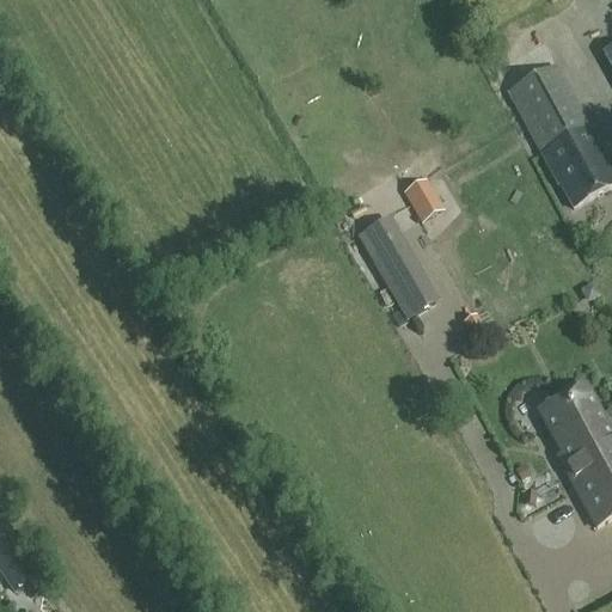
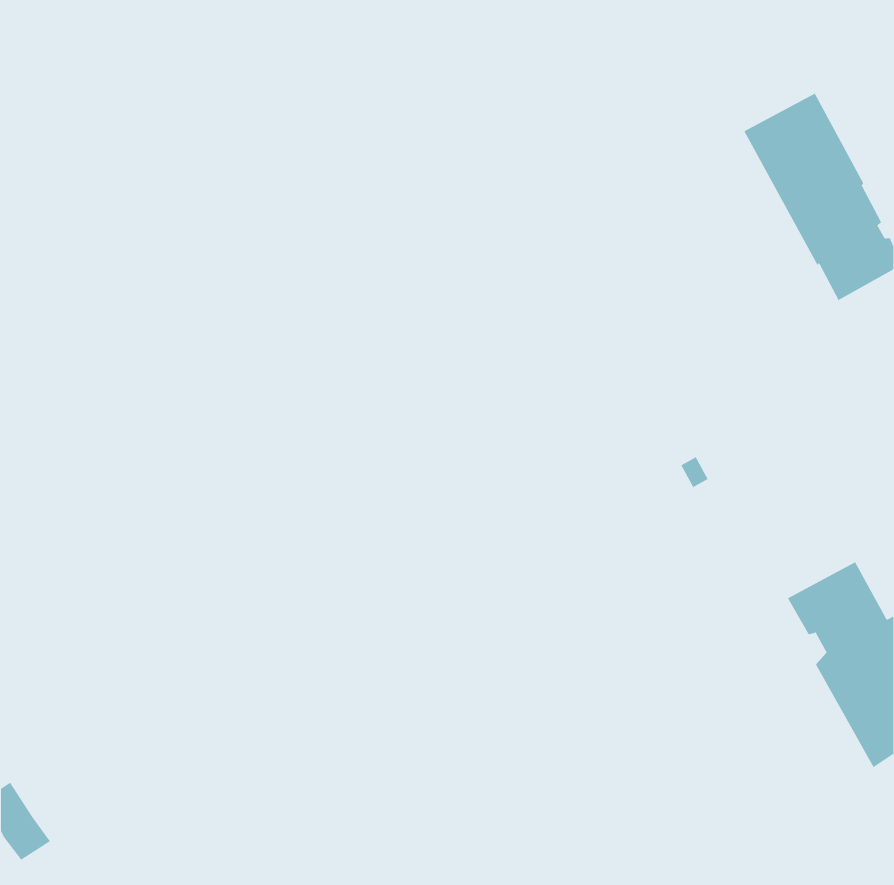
building: [405,175,443,215] -> none
building: [357,215,441,319] -> none

